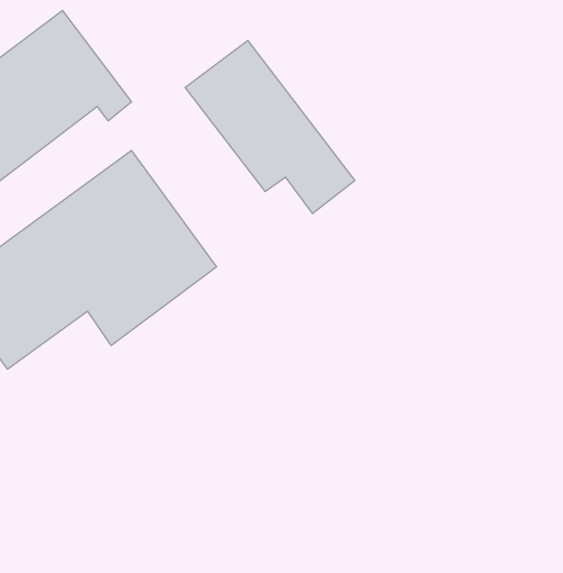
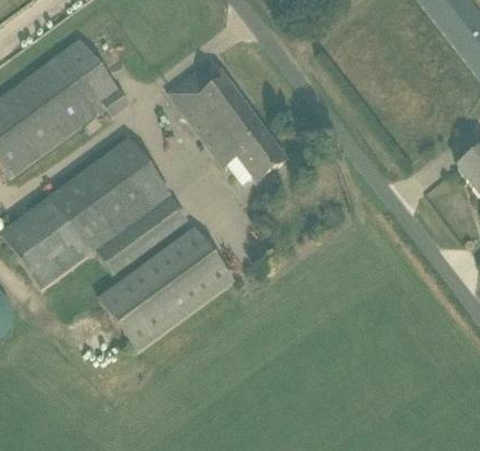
building: none -> [96,225,234,352]

